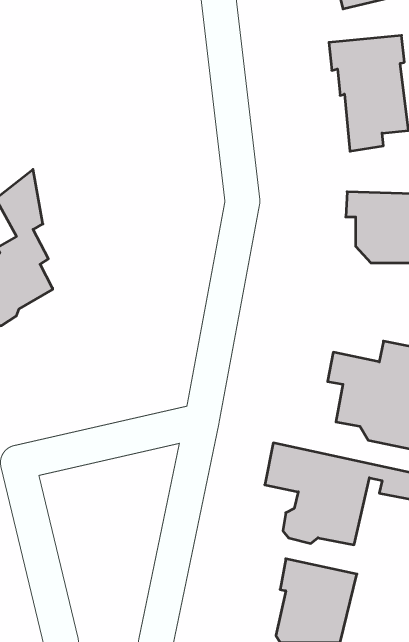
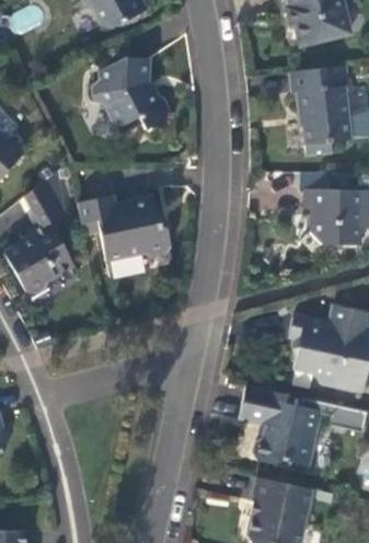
building: none -> [94,58,169,129]
building: none -> [78,195,171,261]

